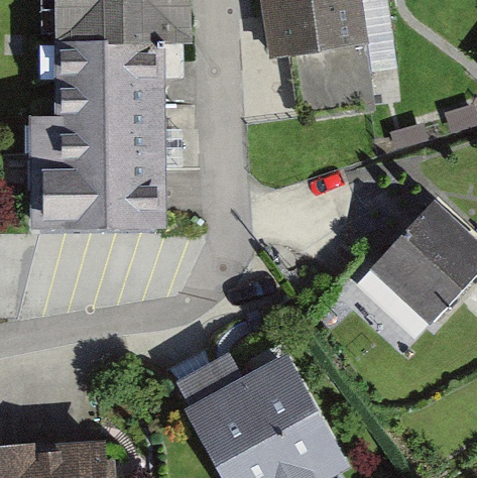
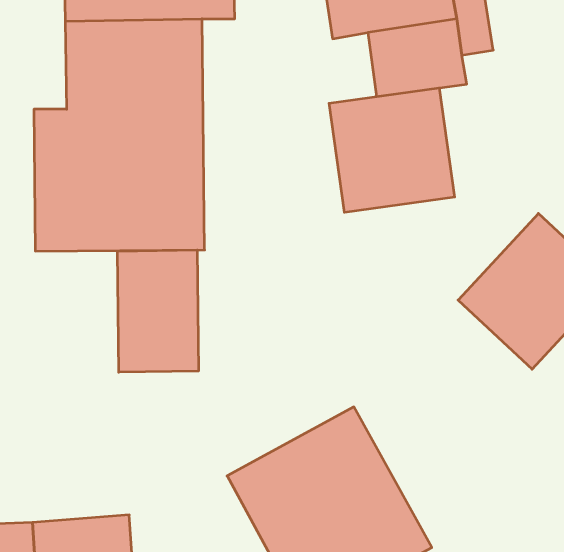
building: none -> [329,88,455,212]
building: none -> [117,250,198,372]

